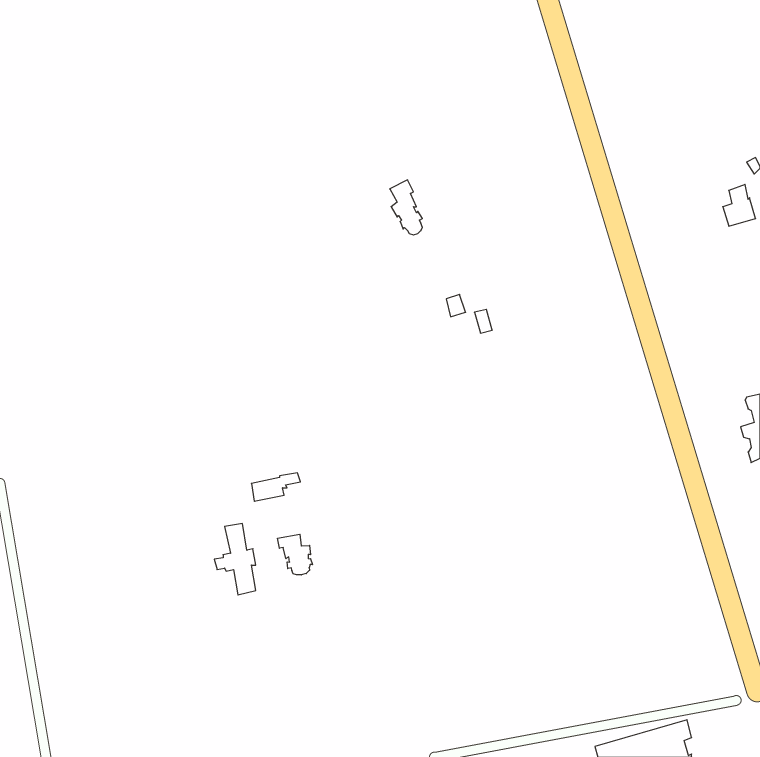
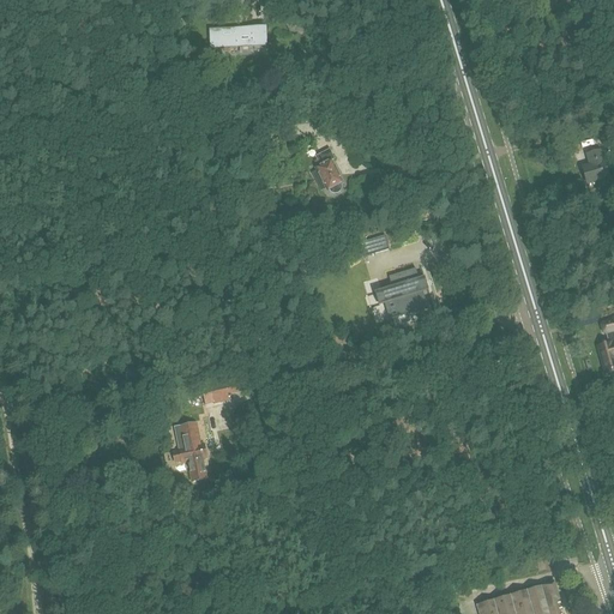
building: none -> [209,25,266,47]
building: none -> [378,267,428,314]
building: [278,534,312,575] -> none

